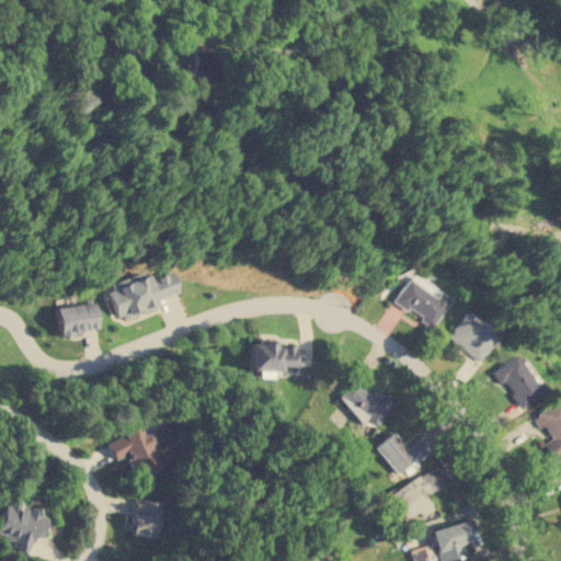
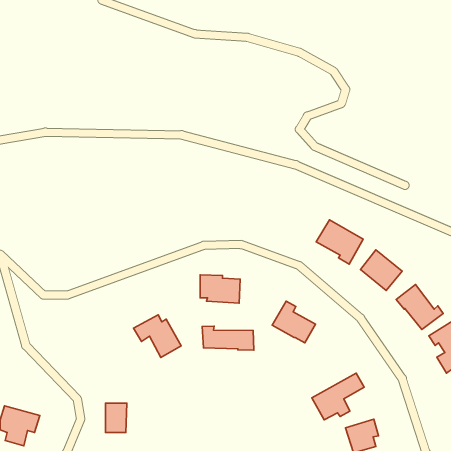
building: [108,272,181,322] -> none
building: [56,304,100,334] -> none
building: none -> [202,326,254,350]
building: [106,427,165,480] -> [133,315,181,357]
building: [375,432,434,476] -> none

